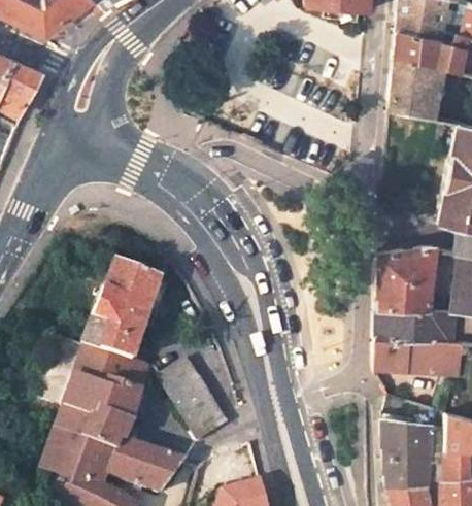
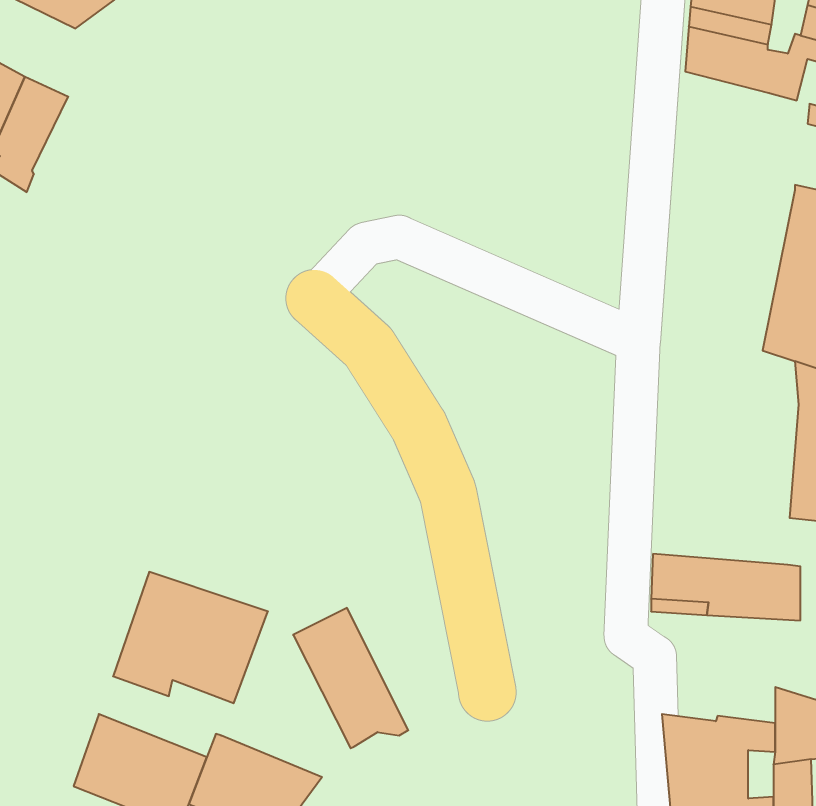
building: [390,58,442,122] -> none
building: [375,242,453,340] -> none
building: [85,257,165,362] -> none
building: [58,404,135,450] -> none

